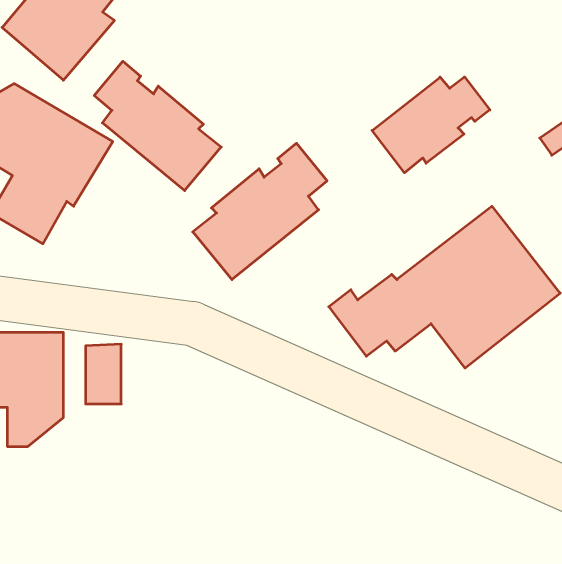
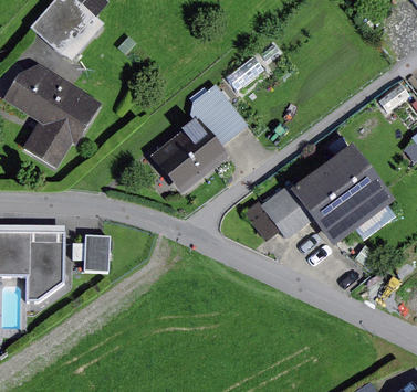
building: [94,61,221,191] -> none
building: [372,77,490,173] -> none

